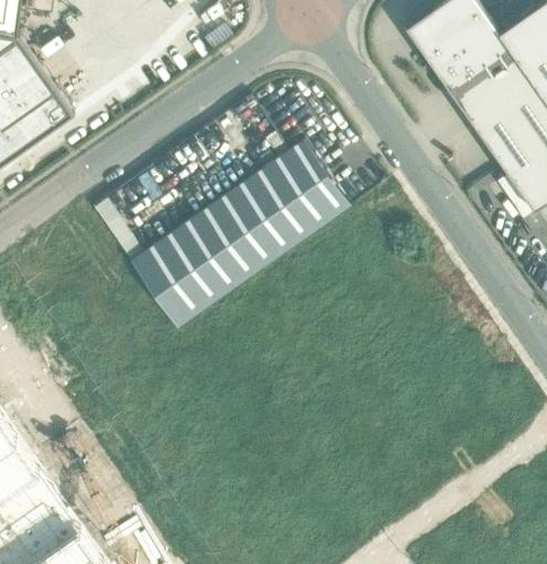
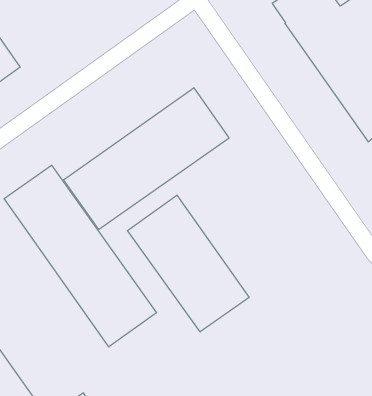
building: none -> [4,165,157,347]
building: none -> [128,195,249,332]

